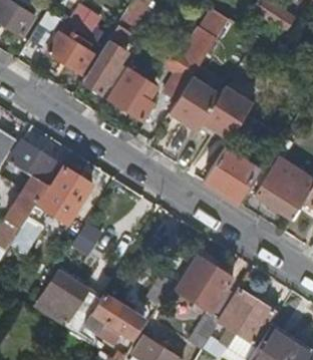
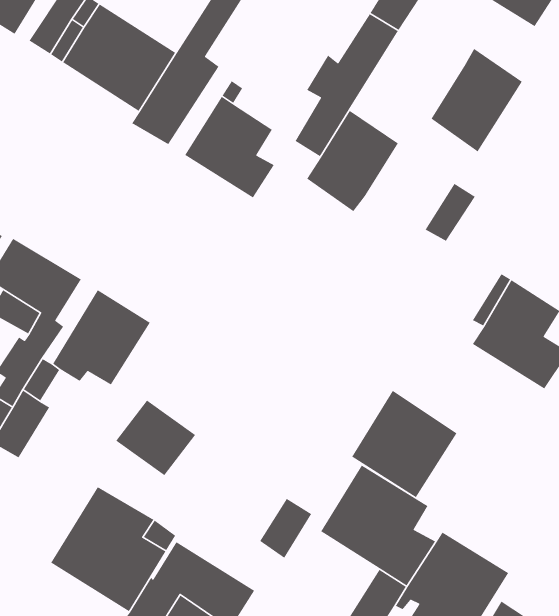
building: [201,82,248,135] -> [430,48,523,152]
building: [204,145,258,201] -> [351,390,458,498]

